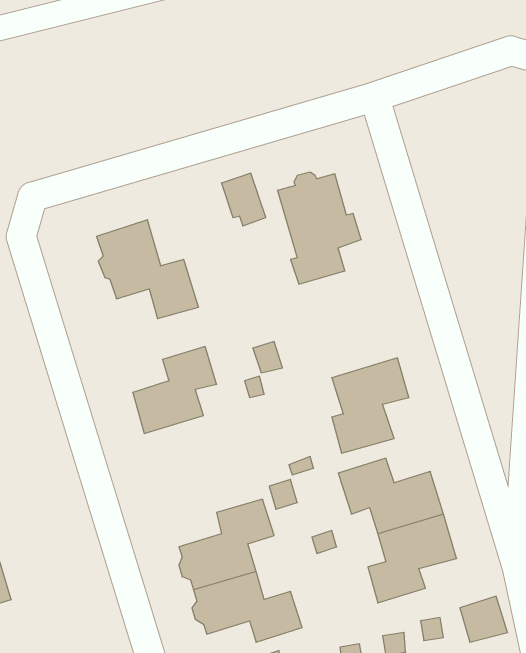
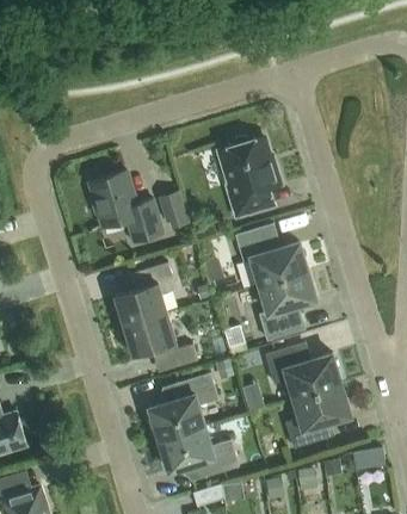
building: [221,173,266,226] -> [158,190,190,228]
building: none -> [236,223,308,285]
building: none -> [124,312,198,370]

